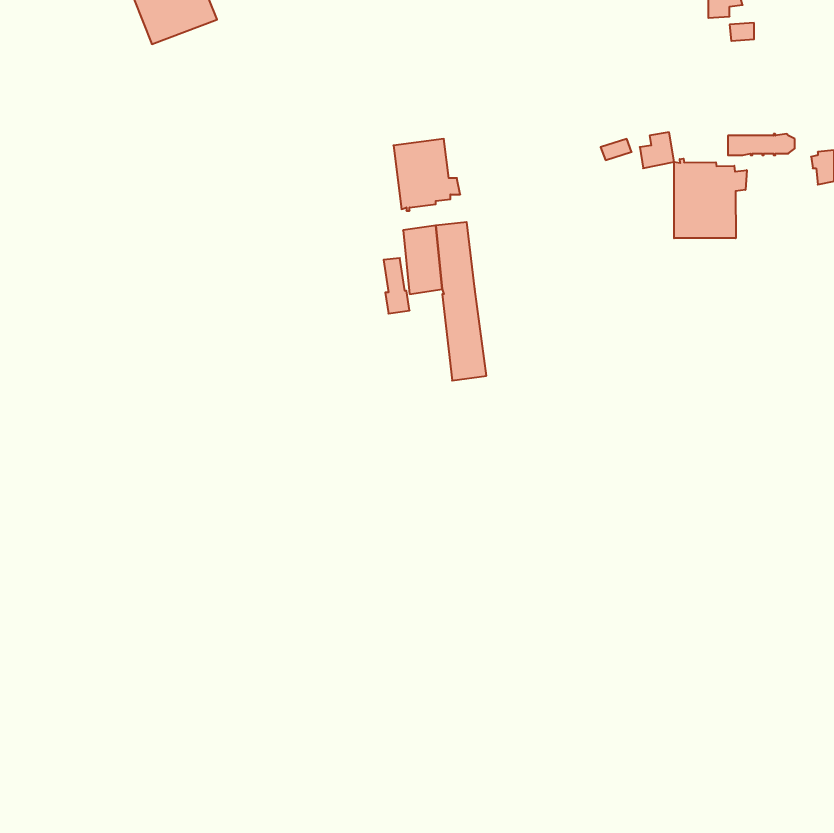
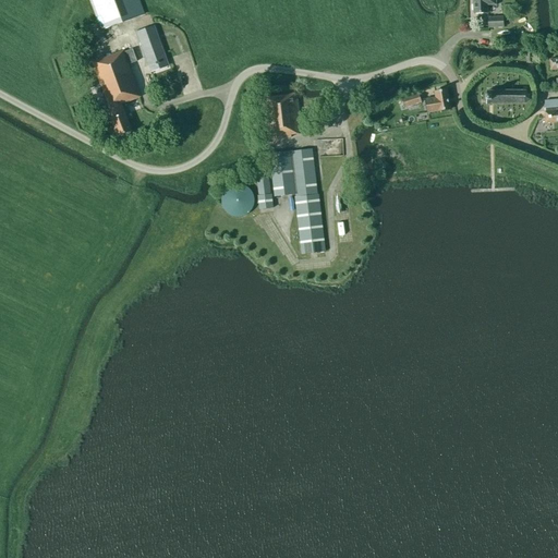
building: none -> [136,25,166,65]
building: none -> [93,48,141,135]
building: [674,159,747,238] -> none
building: none -> [221,183,254,216]

